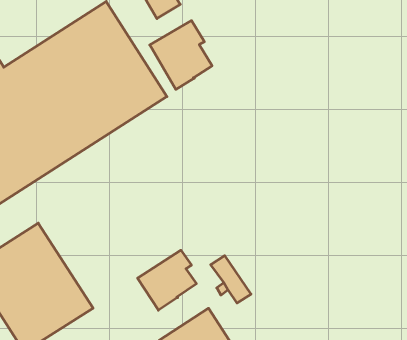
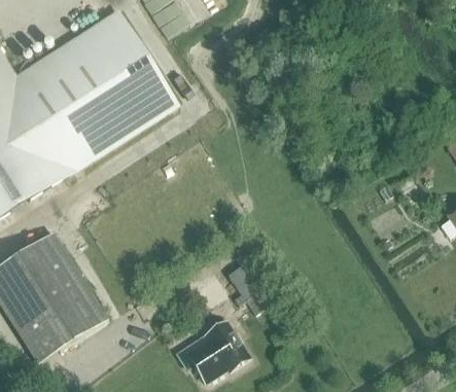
building: [150,21,212,89] -> none
building: [138,250,196,310] -> none

